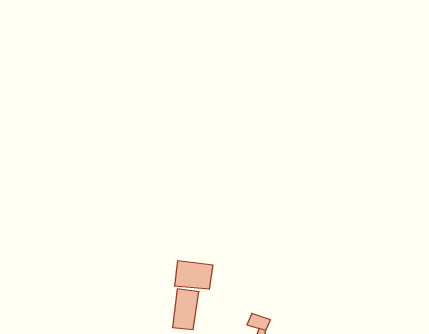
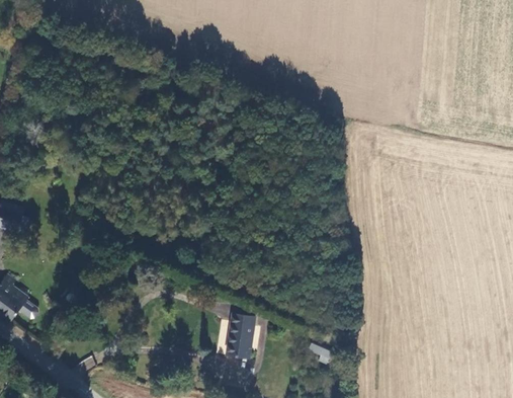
building: [175,261,213,289] -> none

